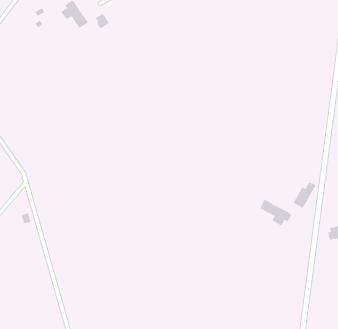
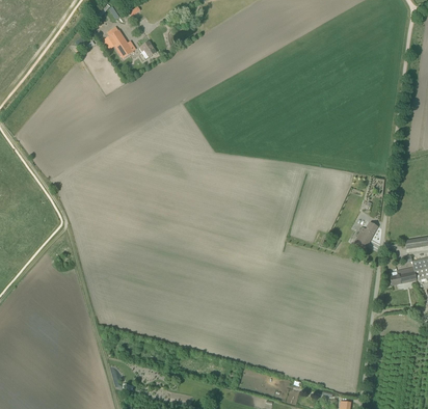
building: [260,199,292,227] -> none

